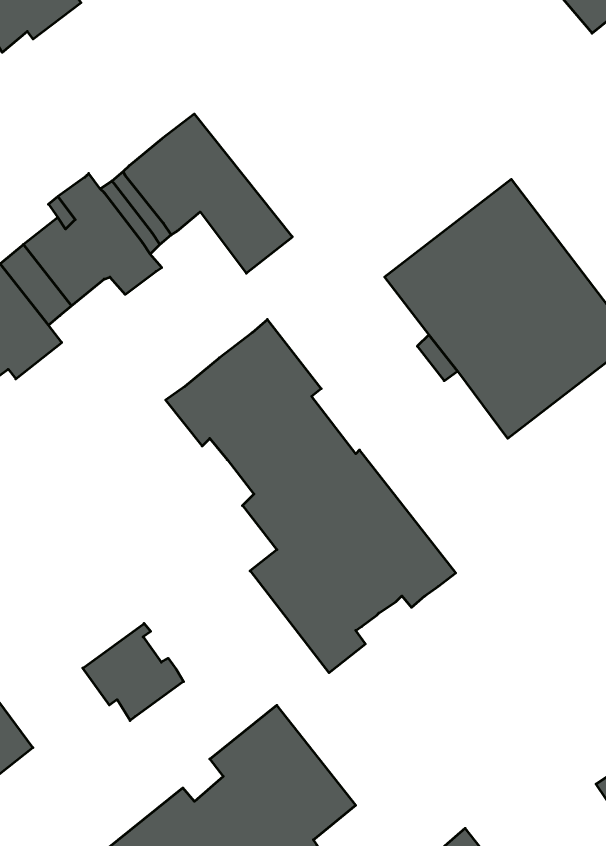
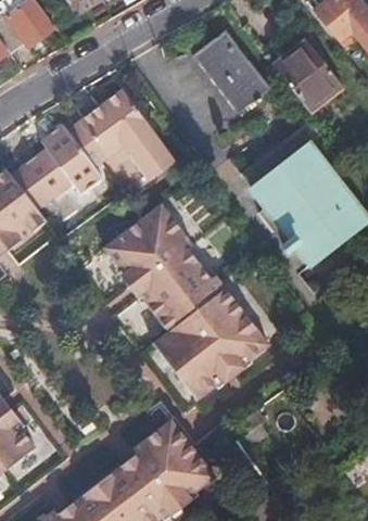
building: none -> [189,29,271,117]
building: none -> [277,41,342,110]
building: [83,623,184,721] -> none

